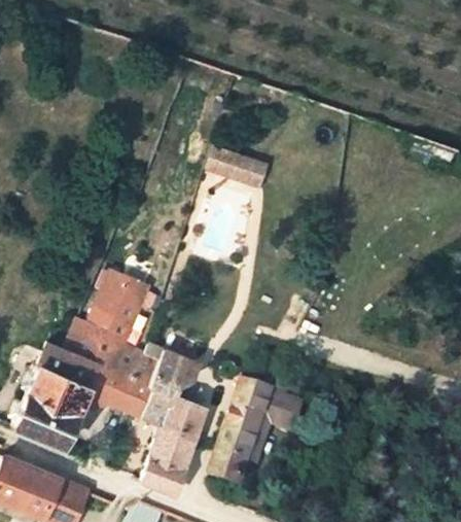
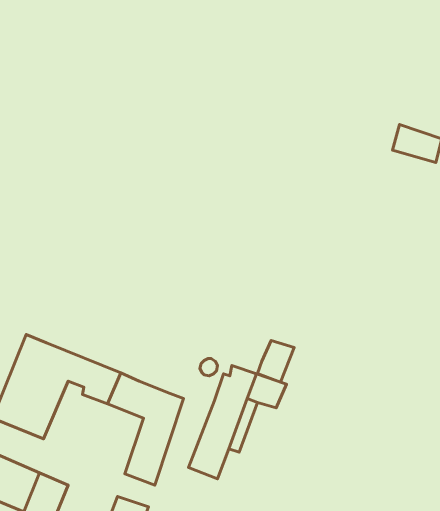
building: [211,146,273,188] -> none
building: [65,272,156,382] -> none
building: none -> [258,341,294,382]
building: [157,352,204,403] -> none

